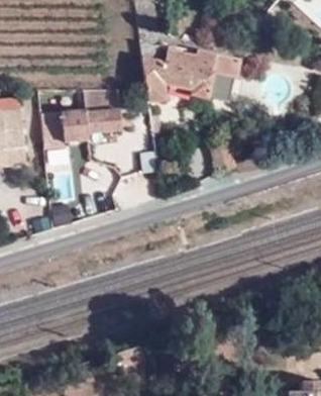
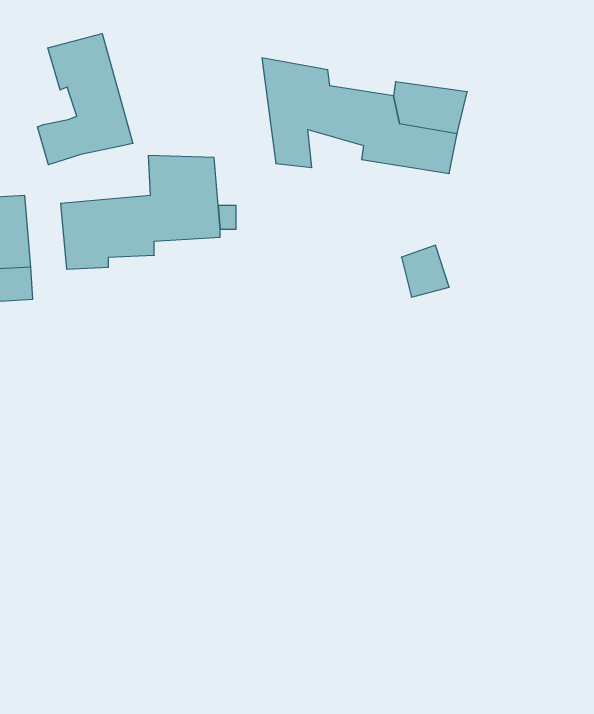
building: none -> [38,34,133,165]

